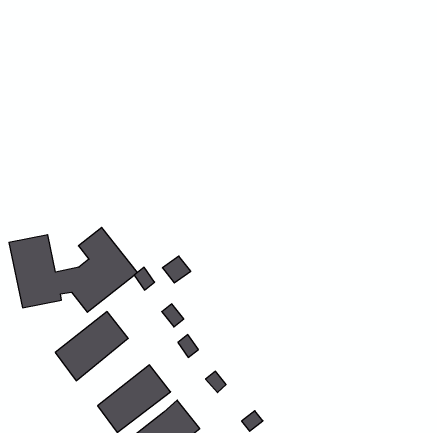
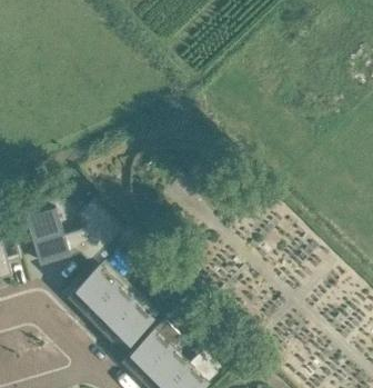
building: none -> [89,278,141,330]

